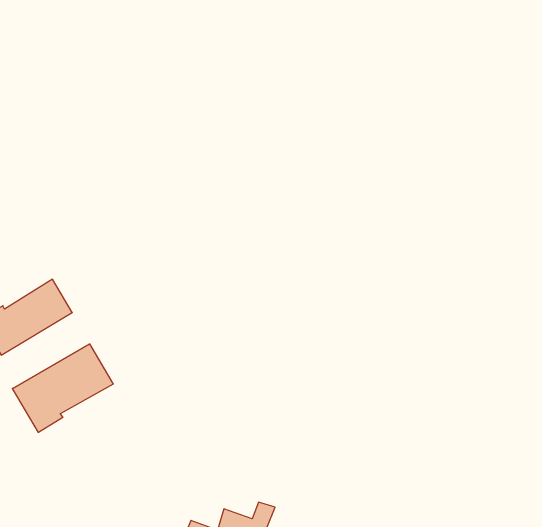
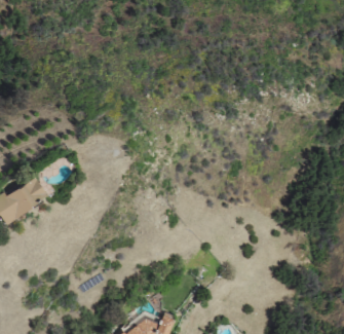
building: [12,344,113,432] -> none

